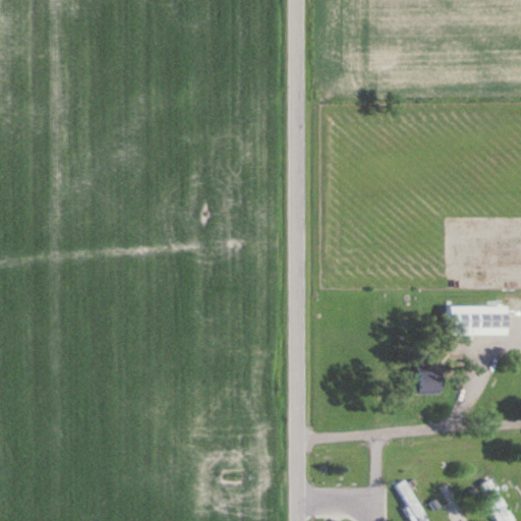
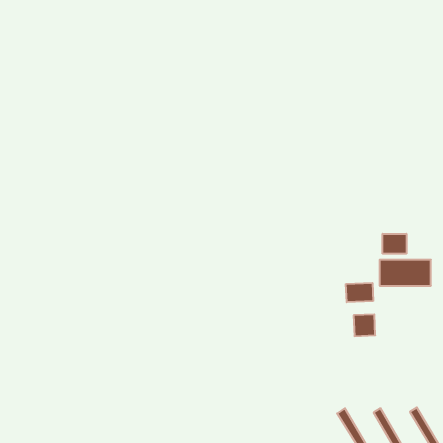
building: none -> [383,234,406,254]
building: none -> [346,283,373,302]

